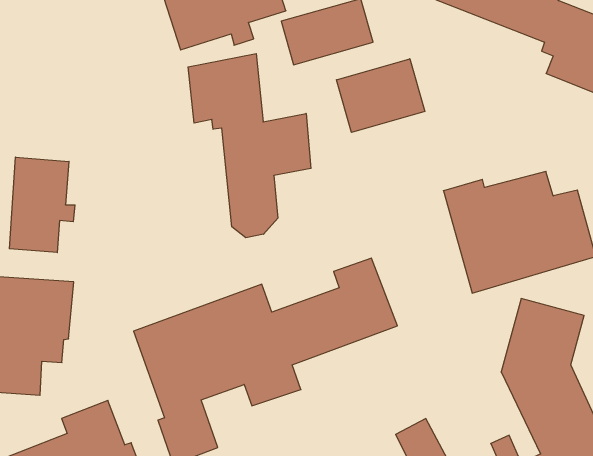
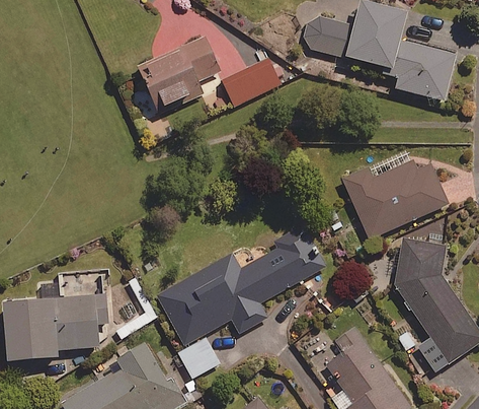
building: [188,54,311,238] -> none
building: [336,59,425,132] -> none
building: [9,157,75,253] -> none

